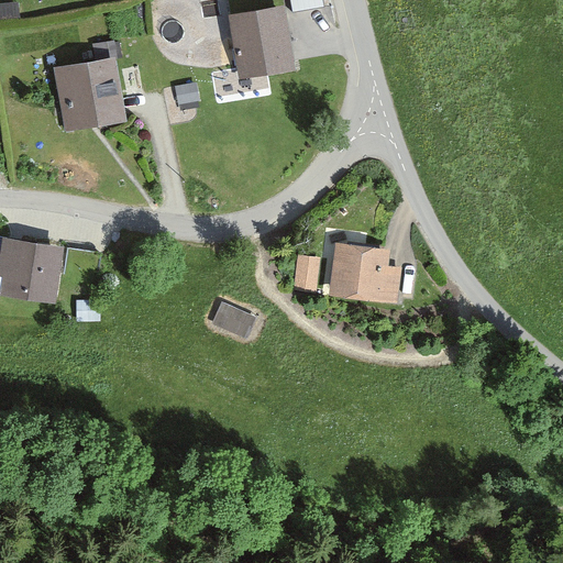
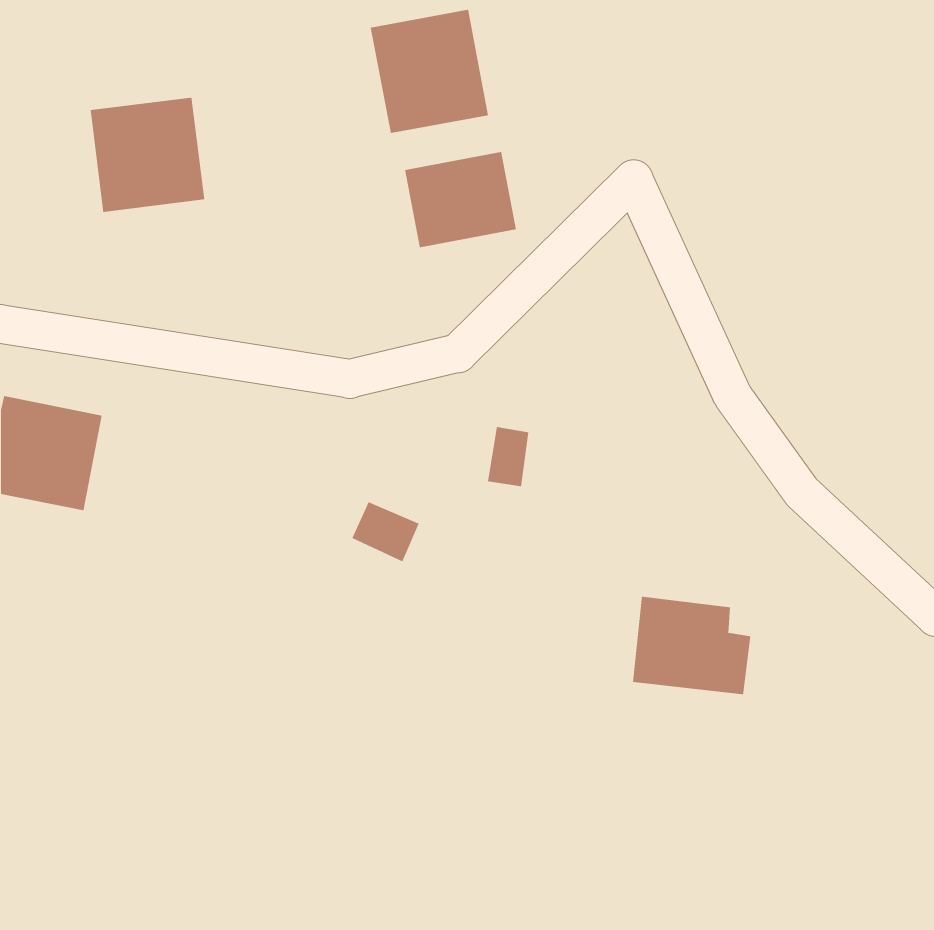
building: none -> [404,151,517,248]
building: [329,243,400,302] -> [632,596,751,695]

